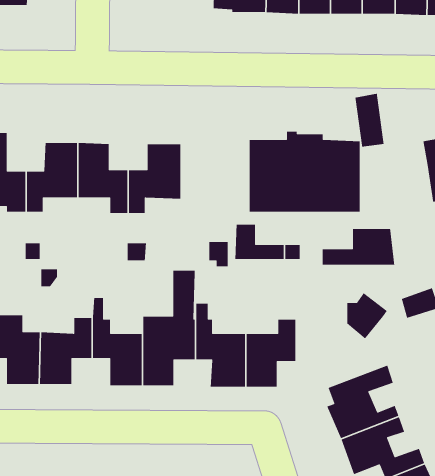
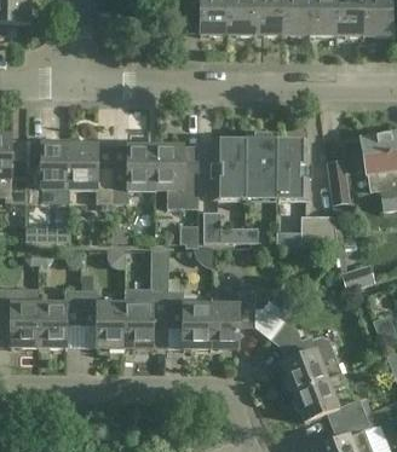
building: [354,93,385,147] -> [326,158,351,204]
building: none -> [157,143,199,207]
building: [346,292,388,340] -> [254,299,289,338]

